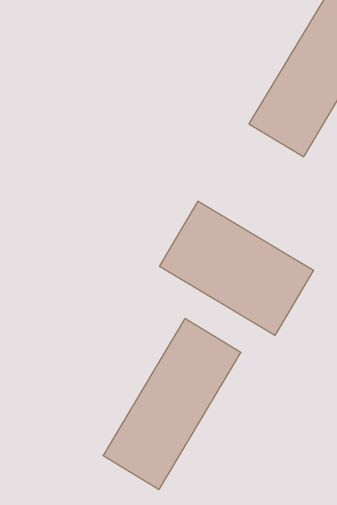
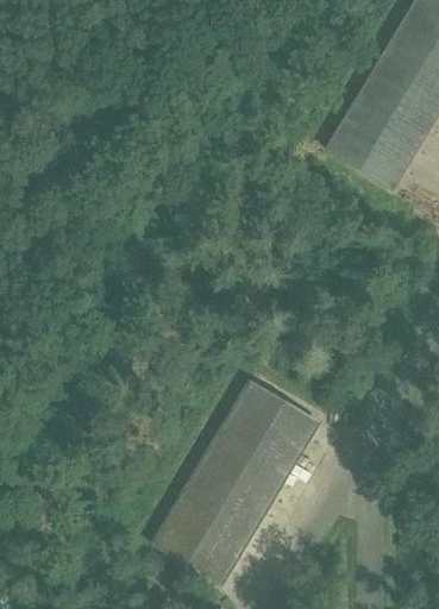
building: [160,201,314,335] -> none

